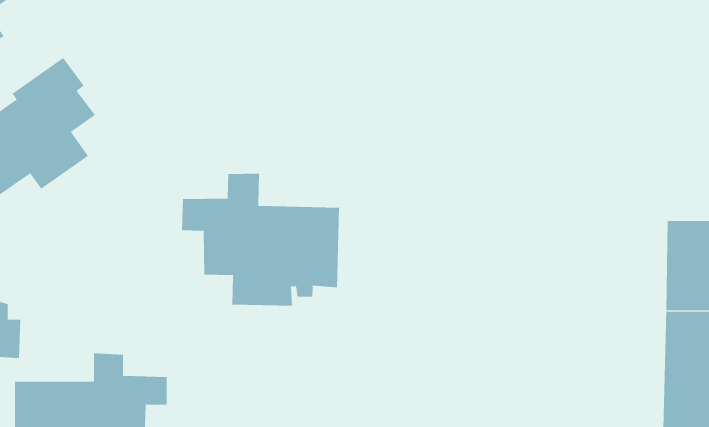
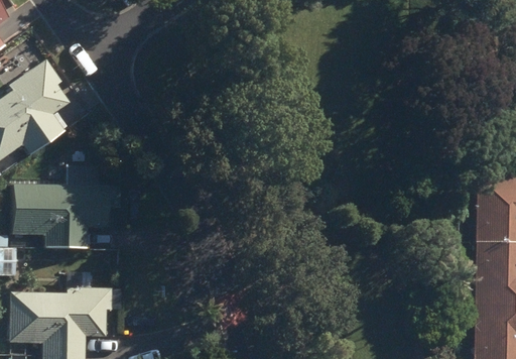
building: [182,173,340,307] -> none
building: none -> [12,166,117,247]

